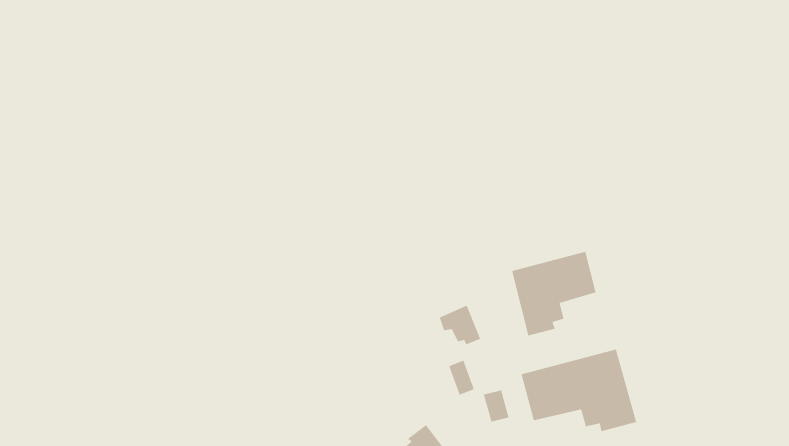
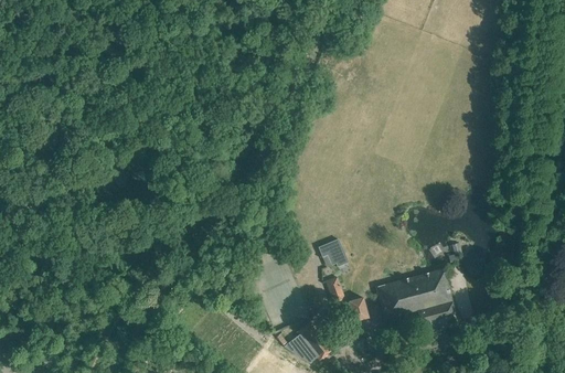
building: [511,251,597,337] -> none

